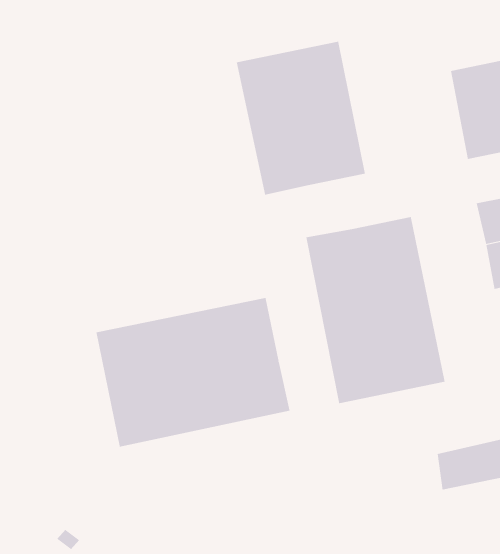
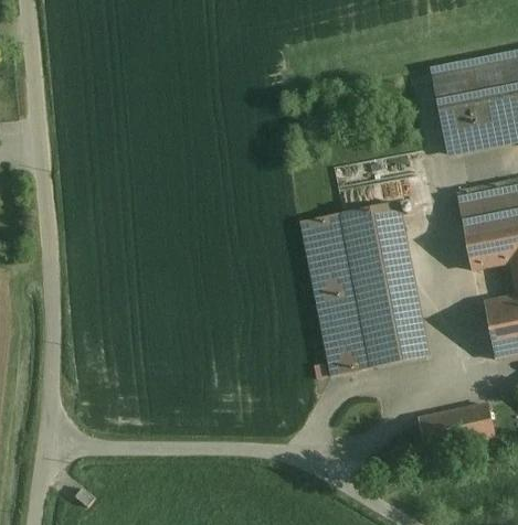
building: [236,41,365,196] -> none
building: [96,297,290,448] -> none

